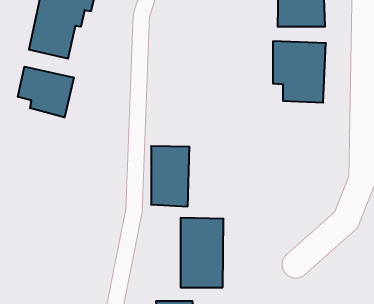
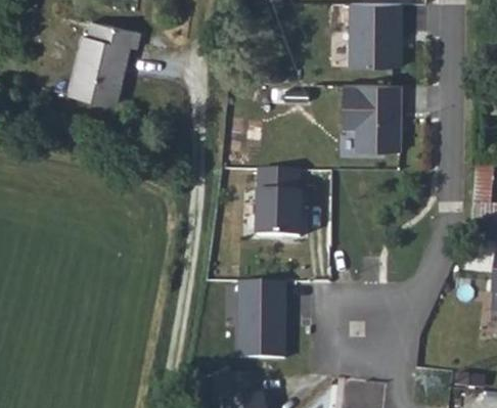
building: [18,67,74,117] -> none
building: [151,146,190,206] -> [257,169,300,236]

